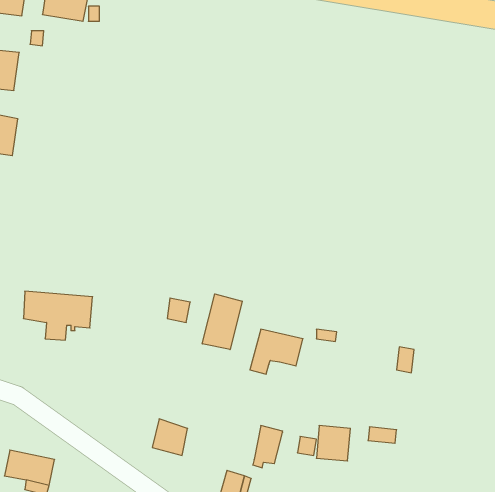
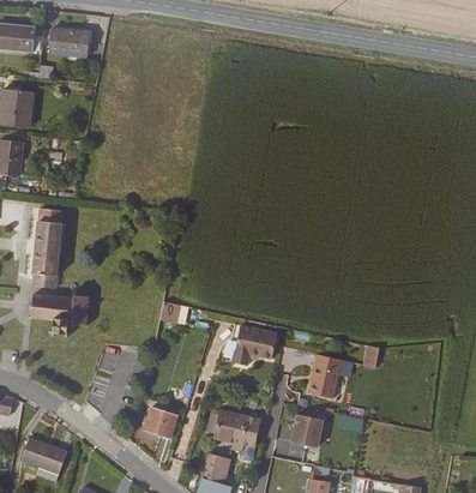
building: none -> [34,209,64,288]
building: [202,294,242,350] -> none
building: none -> [305,353,351,401]
building: none -> [210,409,241,444]

